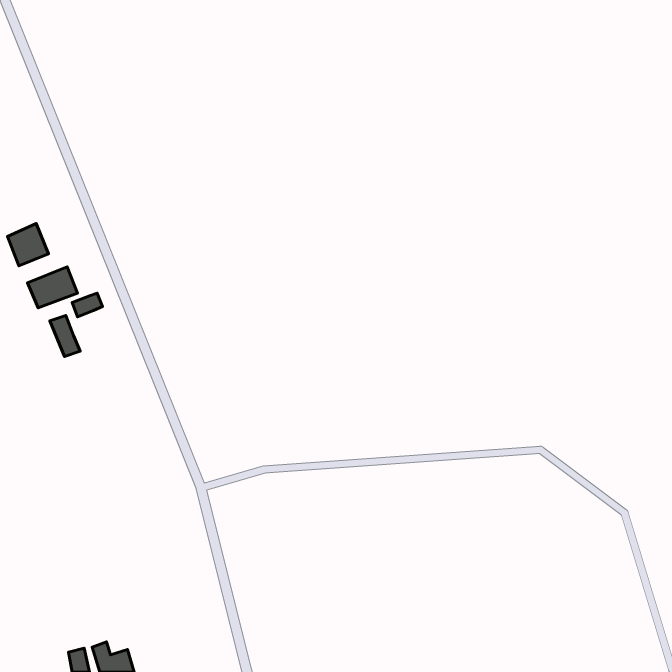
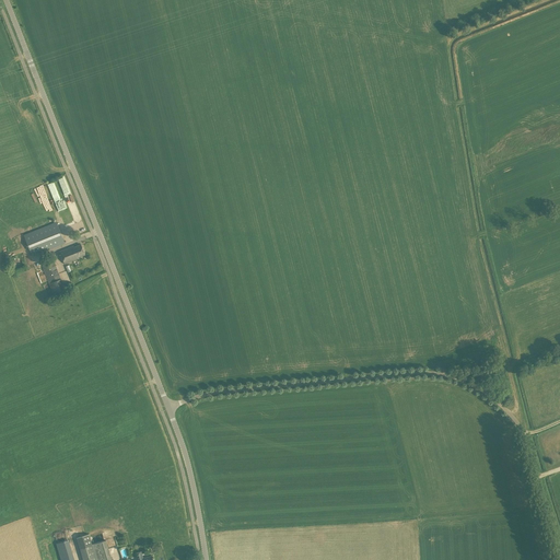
building: [8,223,48,266] -> none

